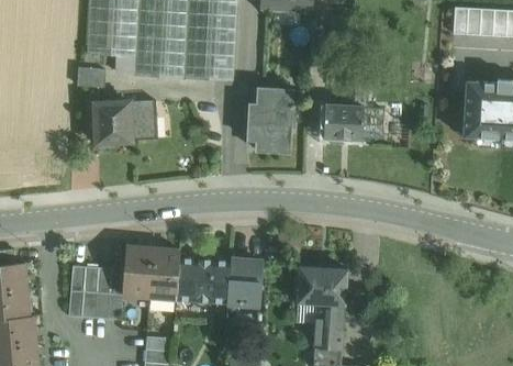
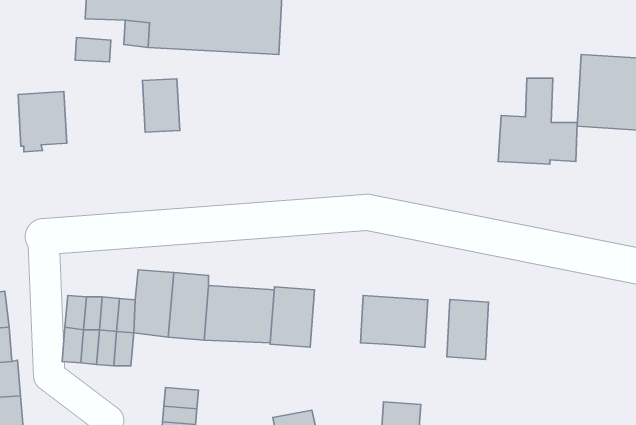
building: [323,75,383,141] -> [498,78,577,164]
building: [248,88,295,152] -> none
building: [94,101,132,147] -> [18,92,67,152]
building: [313,303,345,350] -> [447,299,488,360]

